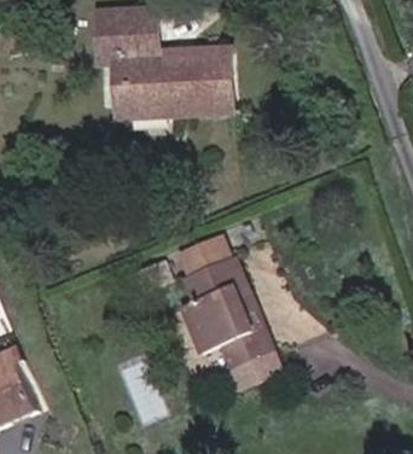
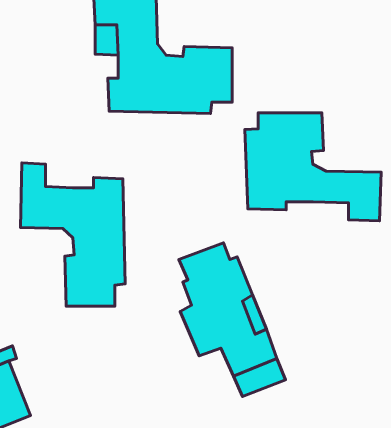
building: none -> [245,113,381,221]
building: none -> [21,163,125,306]

